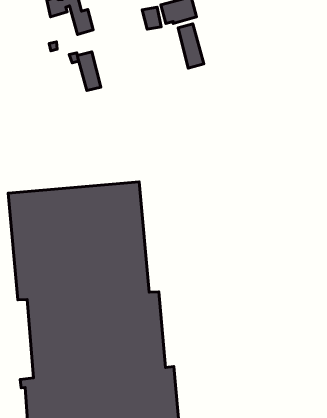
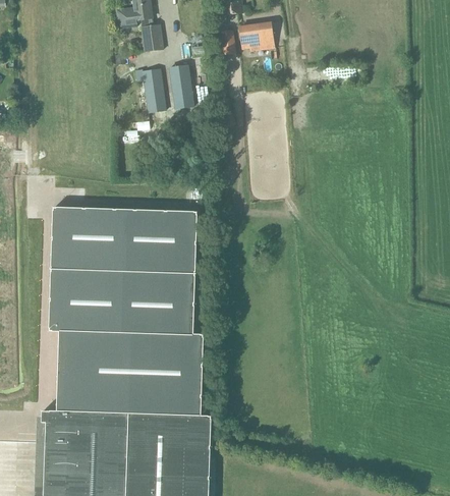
building: [178,24,204,68] -> none
building: none -> [170,64,193,108]

